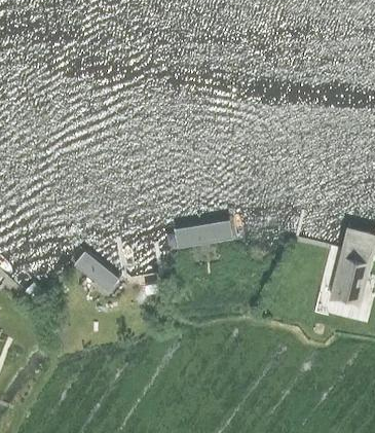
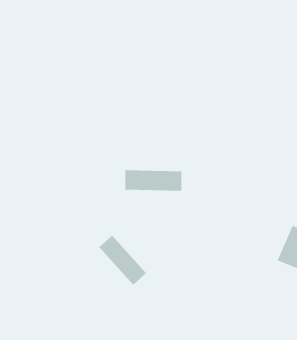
building: [70,250,121,296] -> [98,235,147,286]

